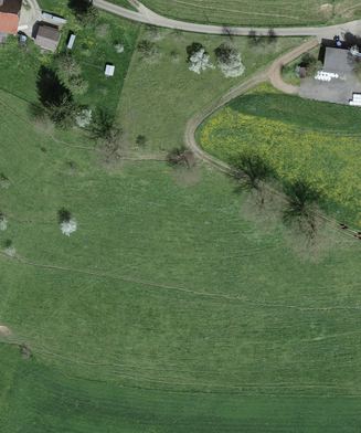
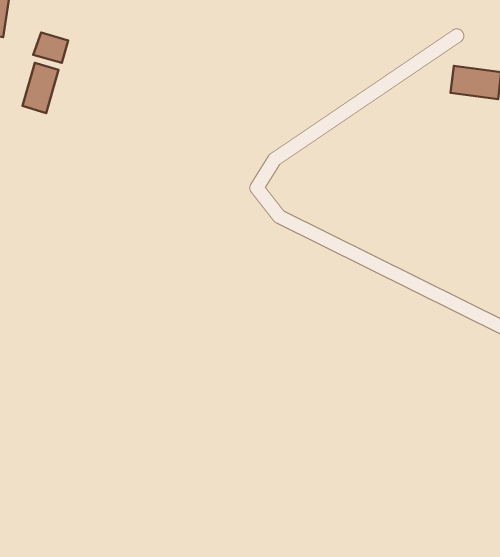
building: none -> [22,63,58,113]

